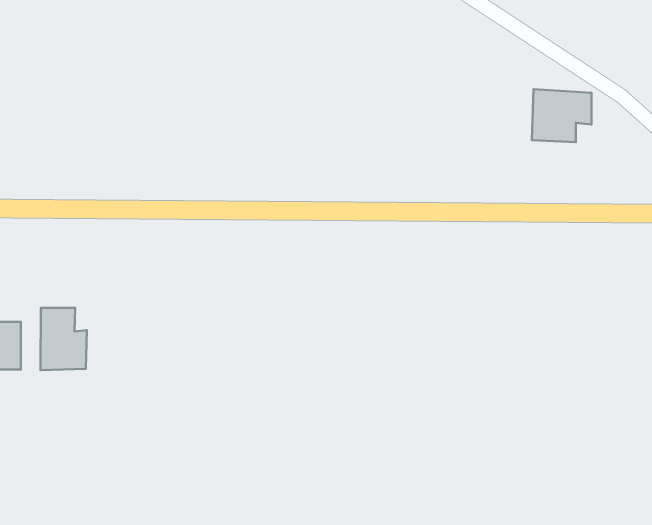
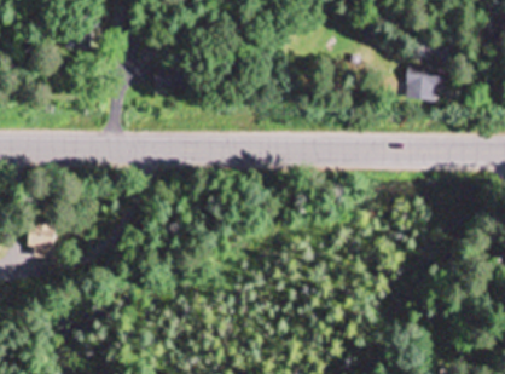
building: [41,308,87,370] -> none

